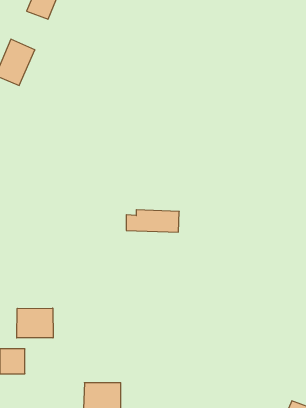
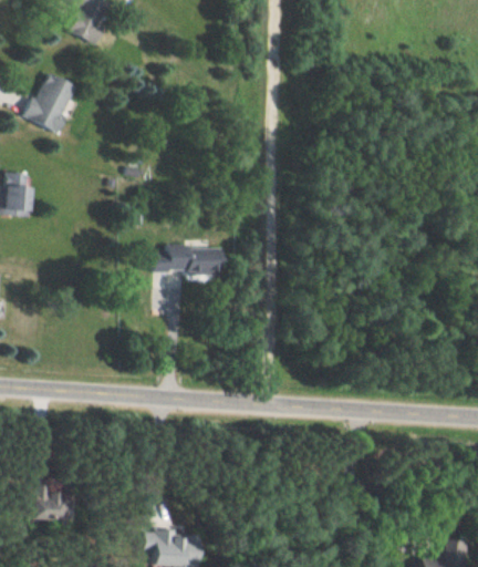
building: [126,210,179,232] -> [154,245,225,275]
building: [17,308,53,338] -> none

